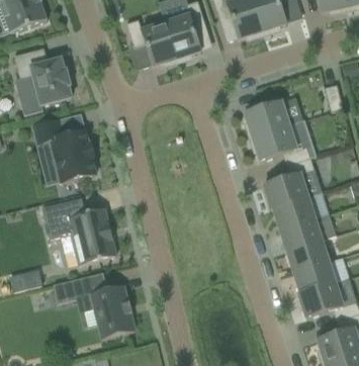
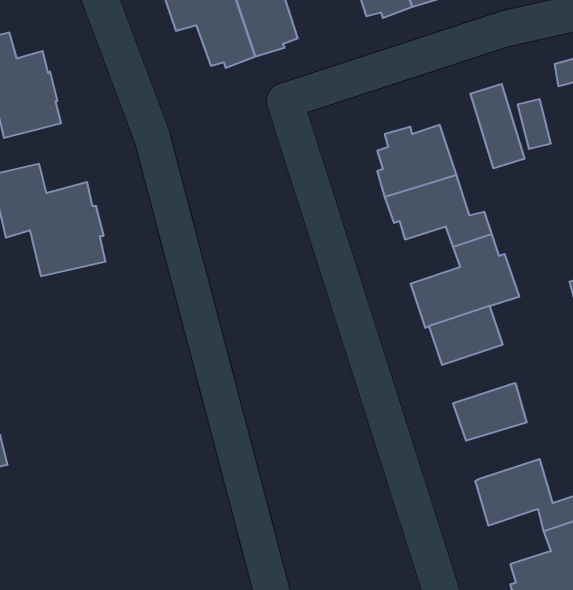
building: none -> [470,84,524,168]
building: [42,197,116,264] -> none
building: [280,213,336,251] -> none
building: [293,261,334,292] -> none
building: [54,277,84,302] -> none
building: [91,285,134,338] -> none

